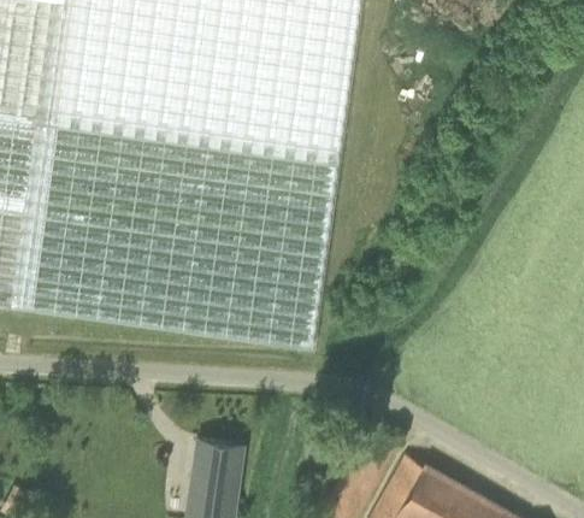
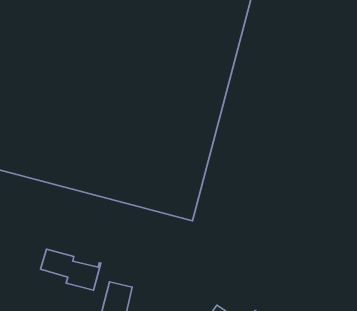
building: none -> [40,249,101,290]

